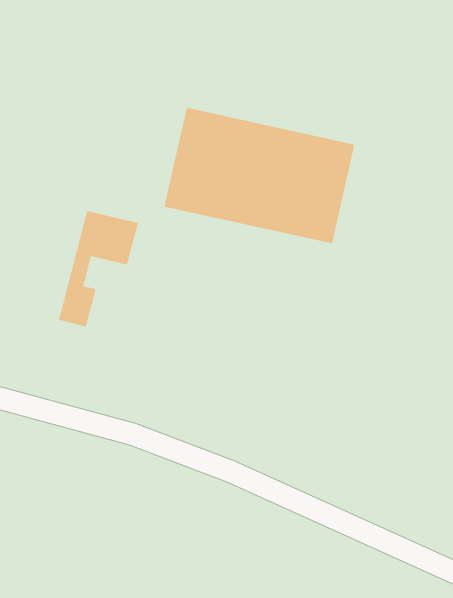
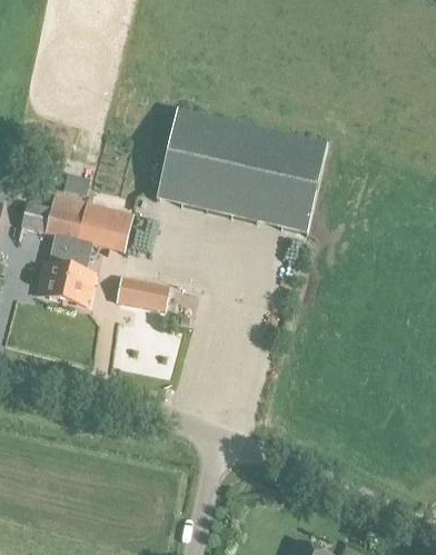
building: none -> [18,192,87,298]
building: none -> [127,277,170,310]

